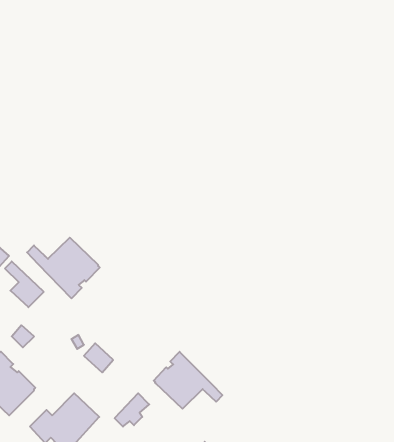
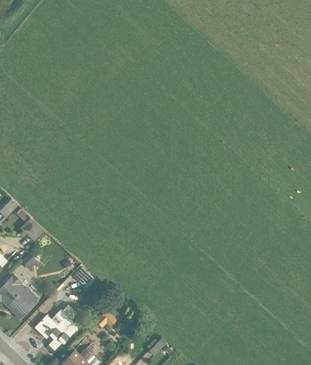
building: [27,238,100,298] -> none
building: [154,352,222,409] -> none

